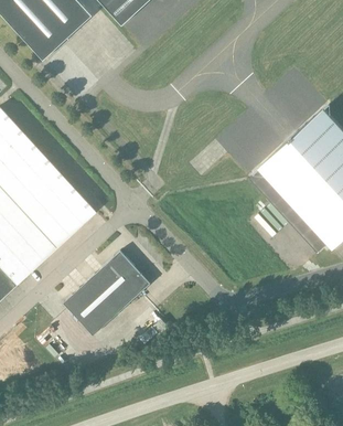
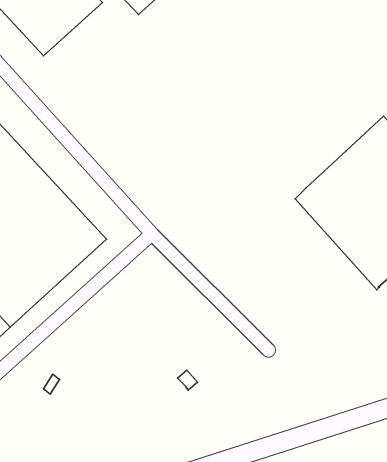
building: [63,251,147,336] -> none

